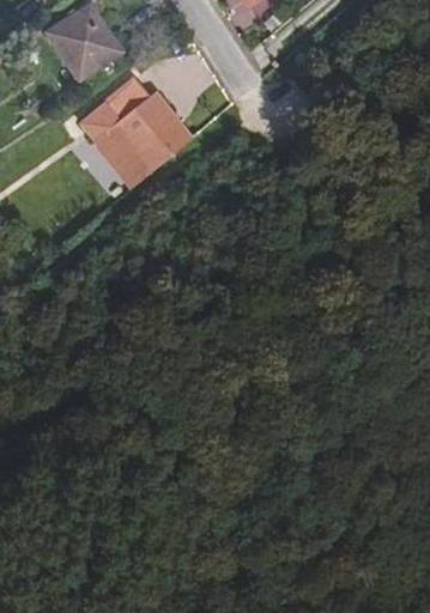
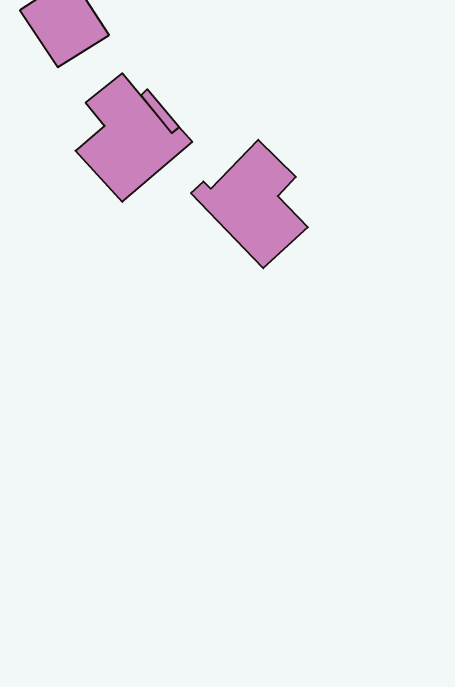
building: none -> [191,140,308,268]

